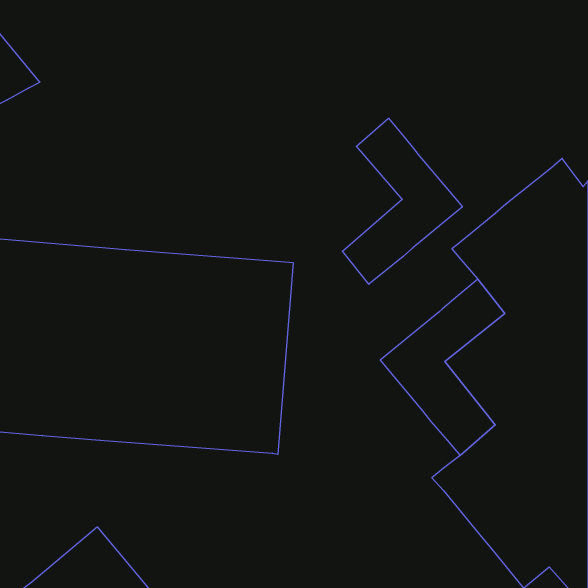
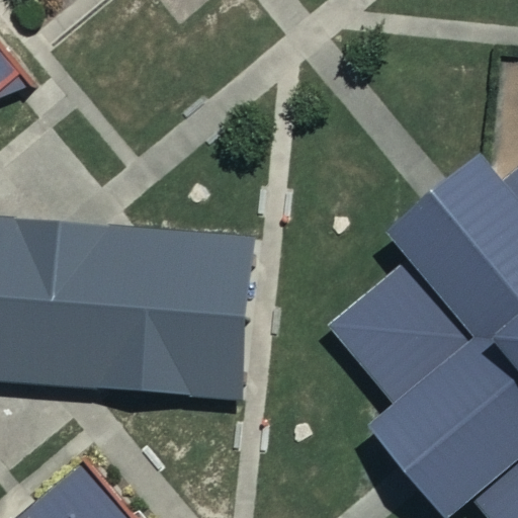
building: [342,118,462,284] -> none

